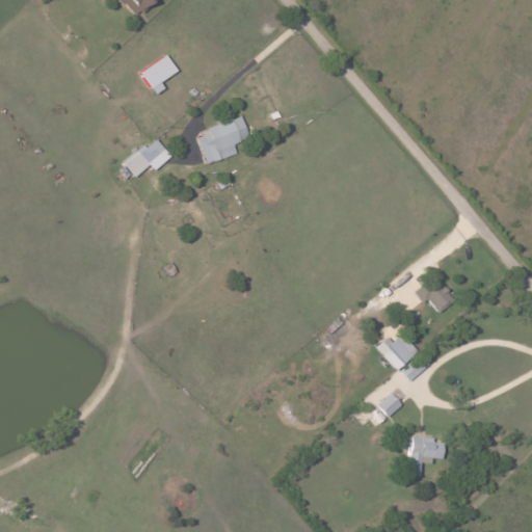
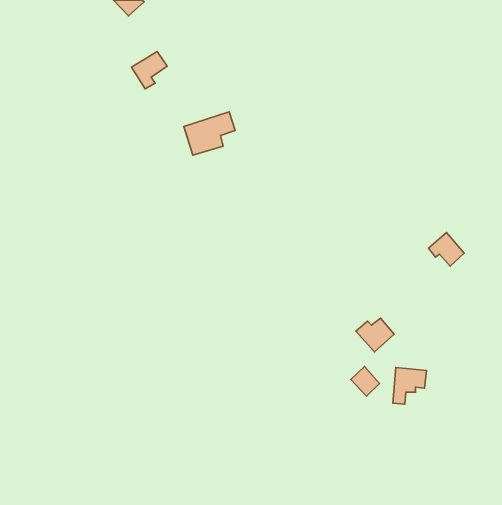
building: [124,141,170,177] -> none
building: [417,276,454,312] -> [429,232,464,266]
building: [408,436,444,475] -> [393,367,426,404]

